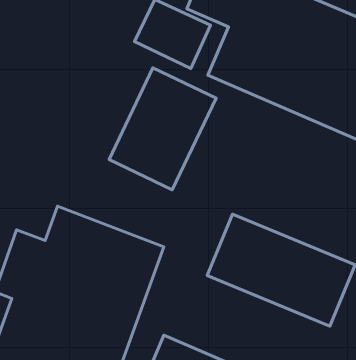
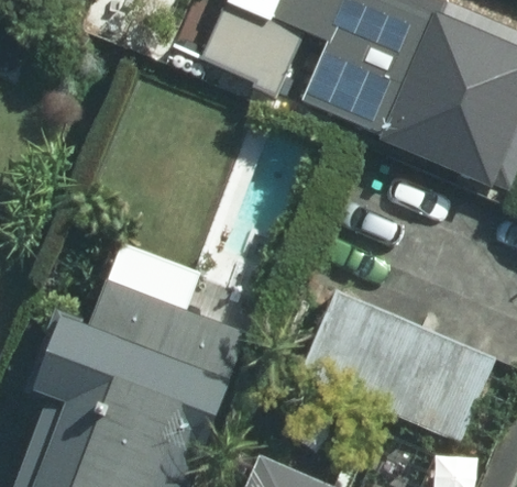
building: [109,68,216,190] -> none

